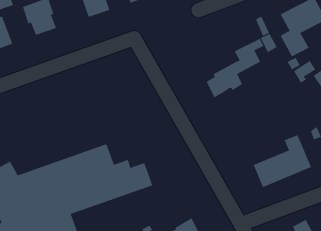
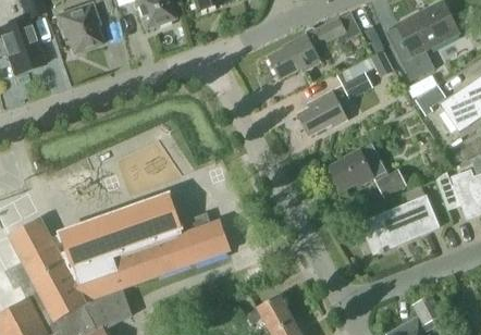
building: none -> [267,12,360,78]
building: none -> [330,145,407,197]

